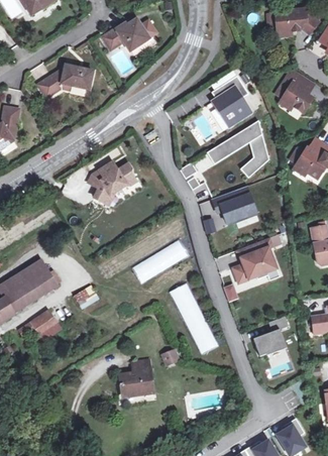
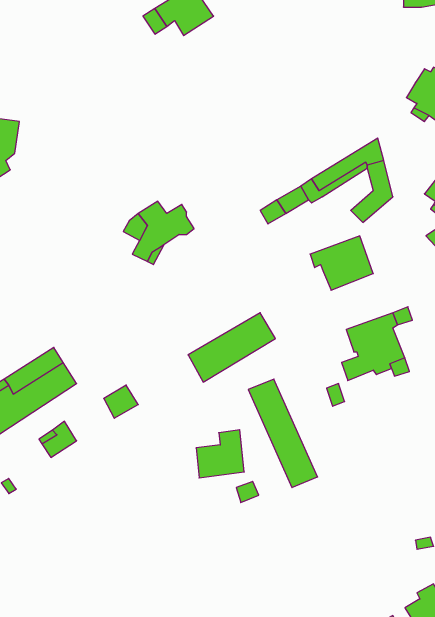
building: [38,64,92,96] -> none
building: [210,76,254,130] -> none
building: [253,316,289,356] -> none
building: [120,362,152,394] -> [196,430,244,478]

